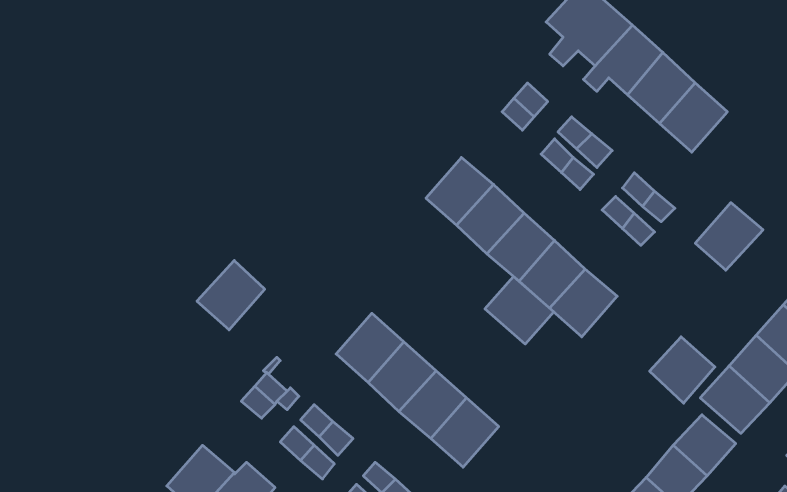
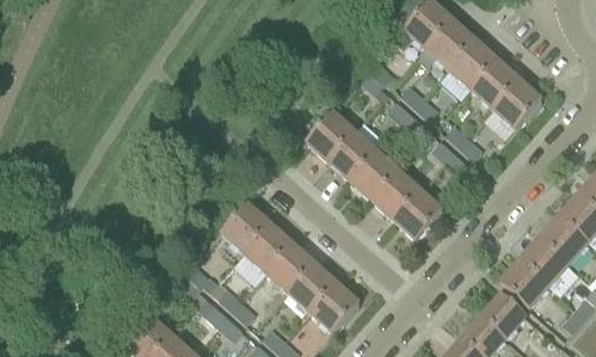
building: [695,203,763,270] -> [494,81,542,129]
building: [197,260,265,330] -> [221,203,269,252]
building: [485,277,554,344] -> none
building: [650,337,715,403] -> none

